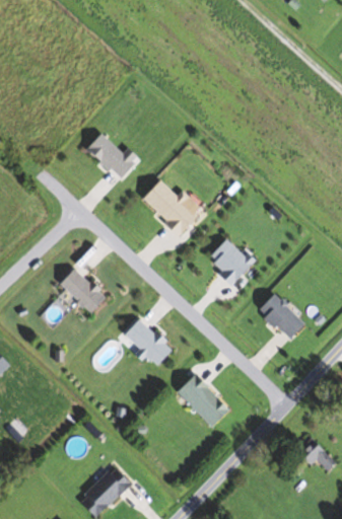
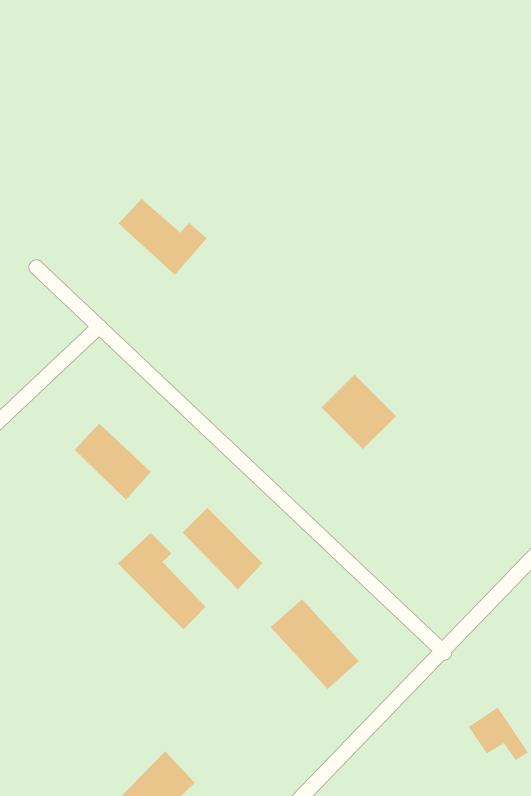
building: [141,179,199,236] -> none
building: [258,294,304,341] -> none
building: none -> [117,532,206,630]

